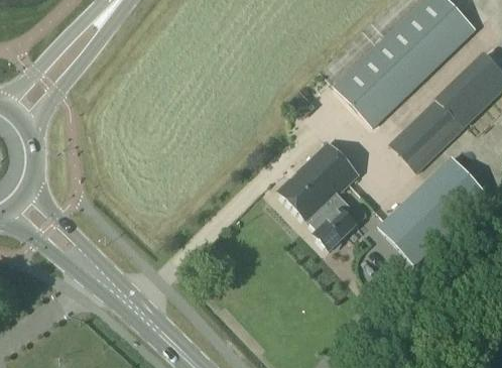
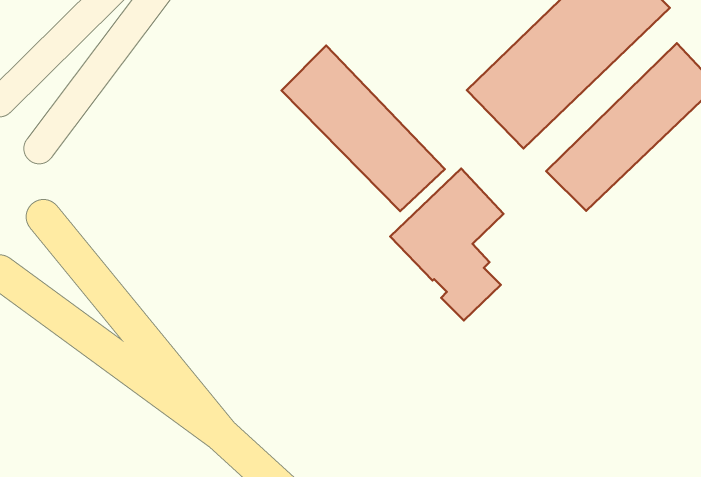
building: none -> [281,46,445,211]
building: [377,156,486,263] -> none

